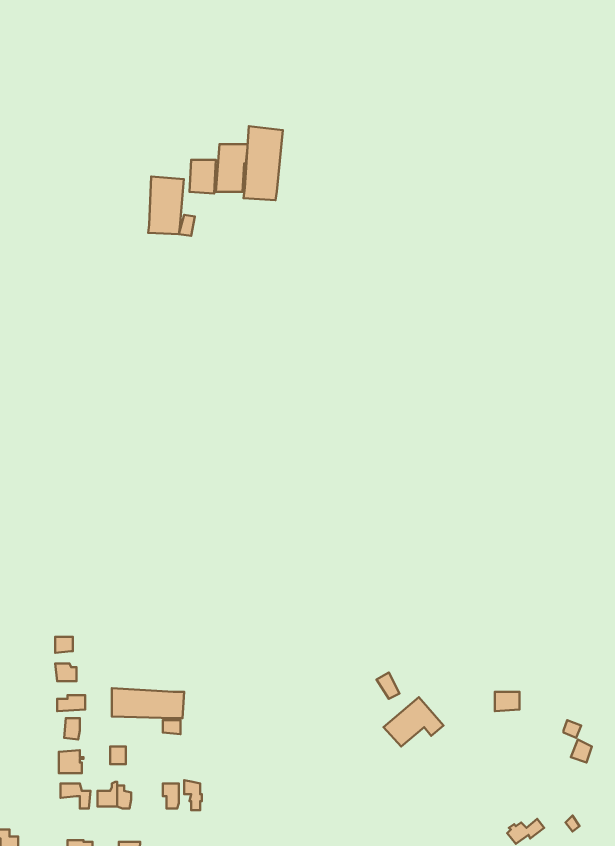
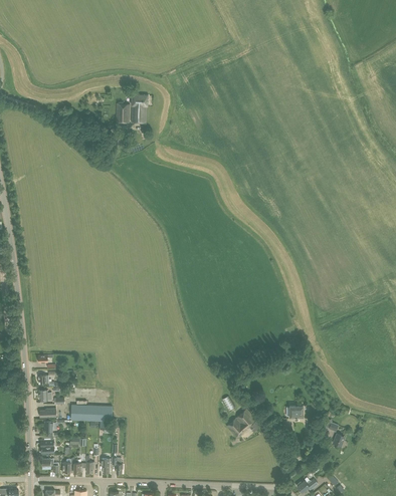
building: [243,126,283,200] -> none
building: [148,176,184,234] -> none

